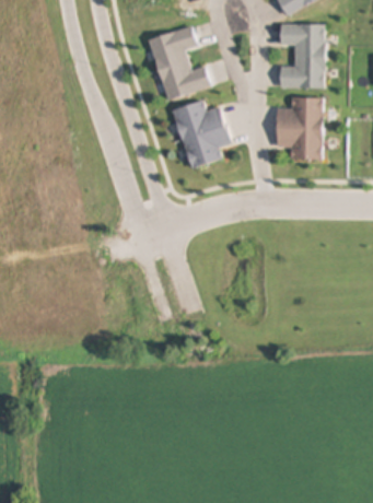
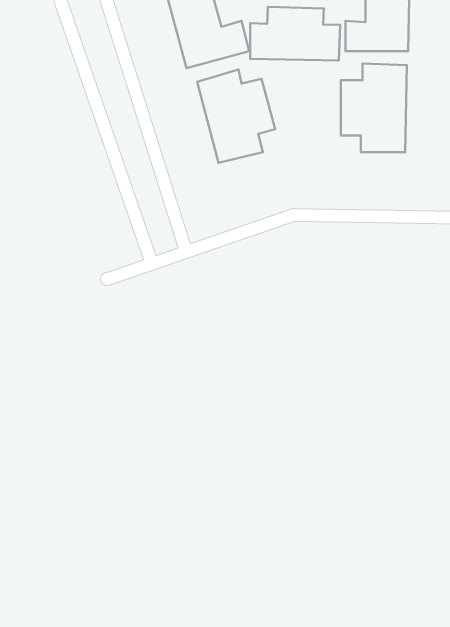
building: none -> [250,7,340,60]

